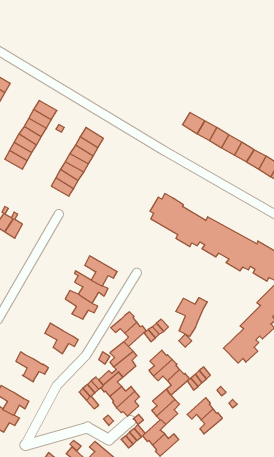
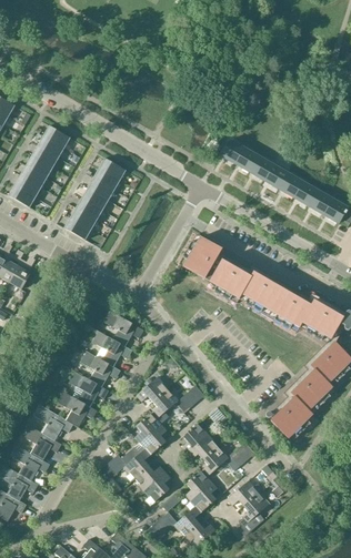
building: [176,298,207,336] -> none
building: none -> [69,371,109,406]
building: none -> [33,404,73,440]
building: none -> [10,445,50,480]

